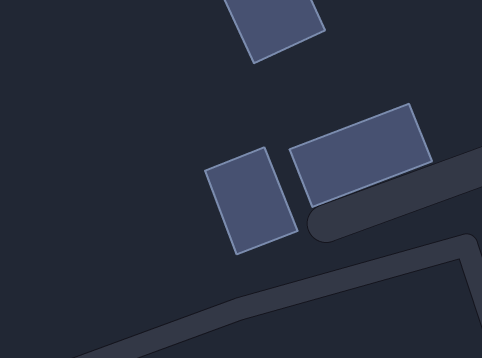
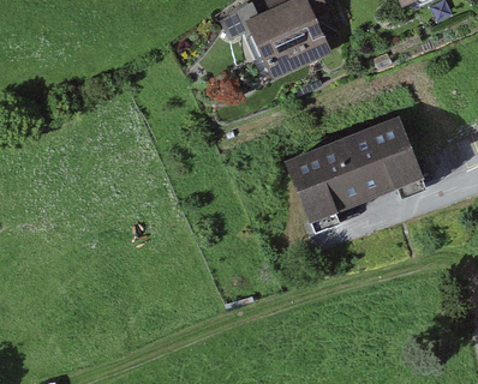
building: [205,147,298,254] -> none

